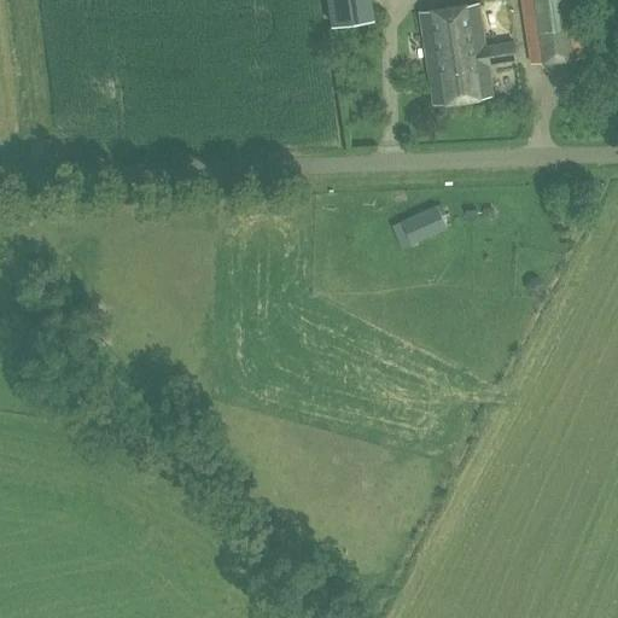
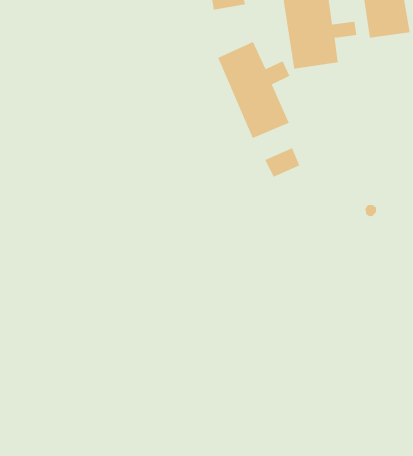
building: none -> [217,41,290,139]

